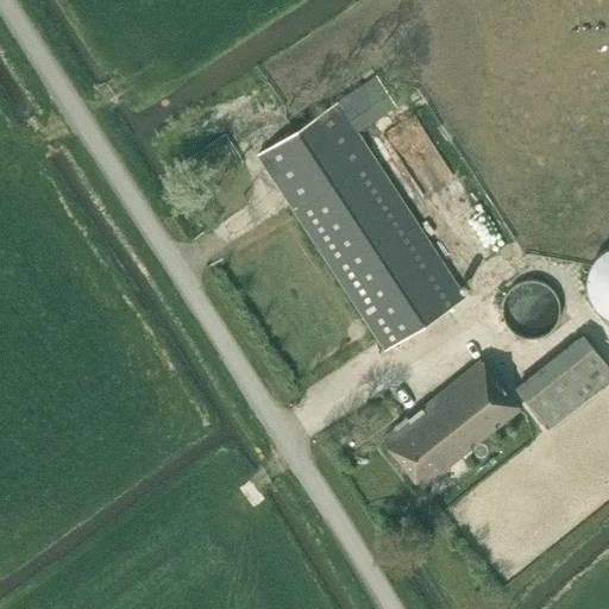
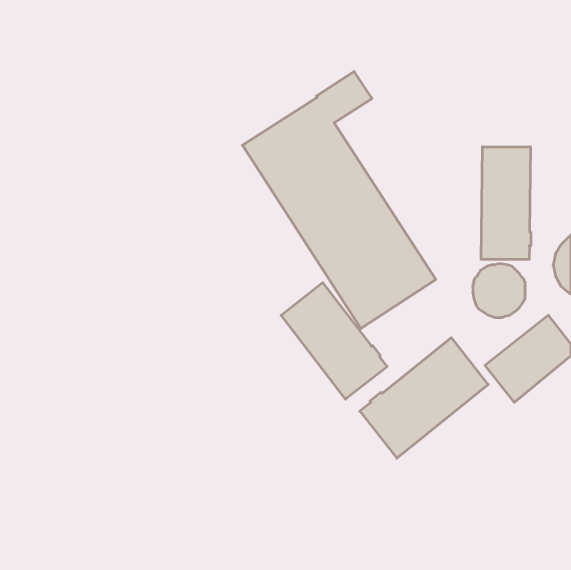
building: none -> [481,147,531,259]
building: none -> [281,283,387,399]

